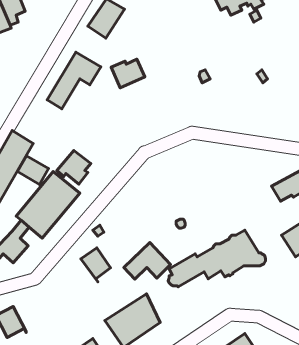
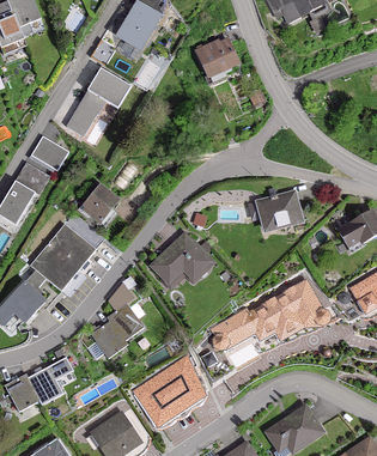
building: [111,59,145,88] -> [196,39,237,74]
building: [18,156,48,185] -> [31,136,68,171]
building: none -> [257,193,300,230]
building: [124,242,171,279] -> [152,235,208,279]
building: none -> [86,316,127,359]
building: none -> [25,357,72,403]

